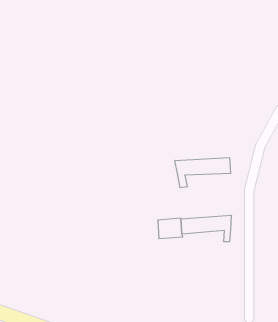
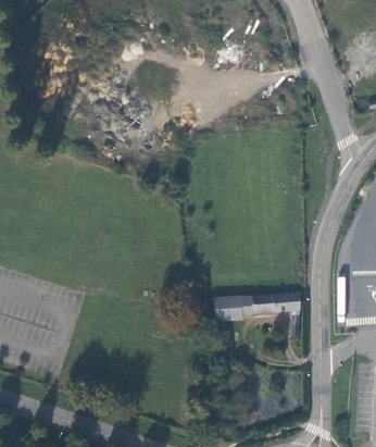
building: [175,158,231,188] -> none

